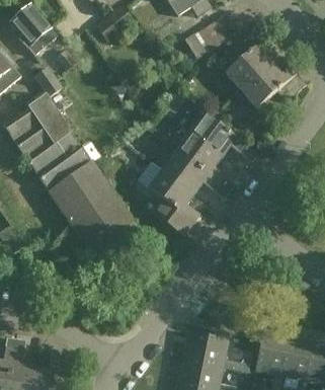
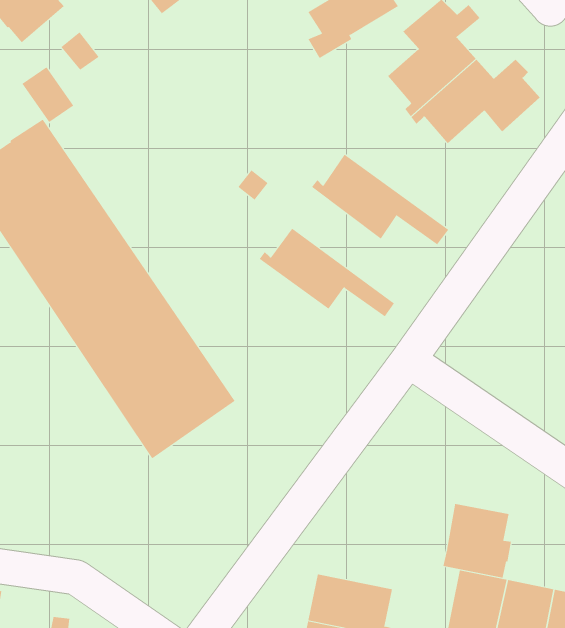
building: [176,130,236,190] -> none
building: [148,167,199,230] -> none
building: none -> [443,503,511,579]

